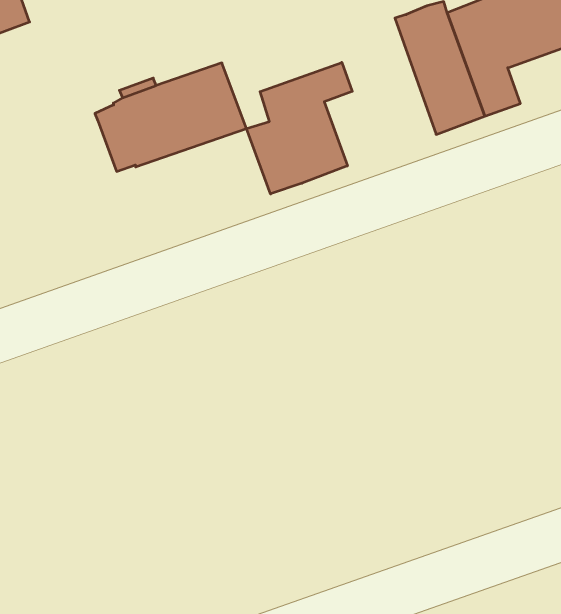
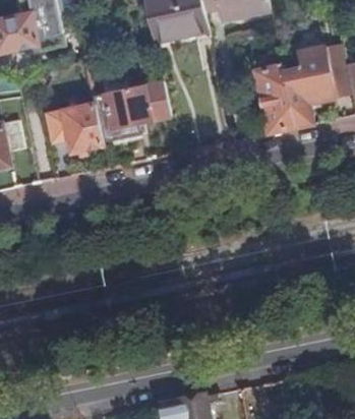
building: [246,62,352,194] -> none
building: none -> [47,102,104,151]

